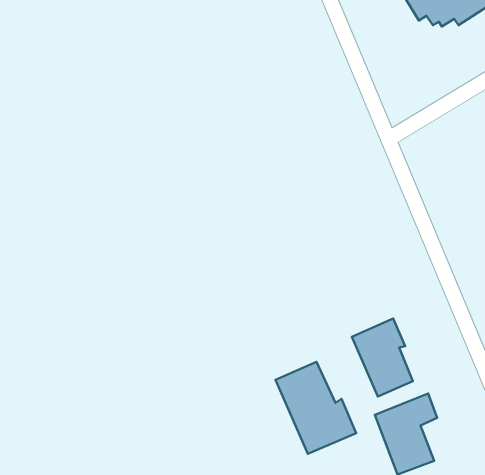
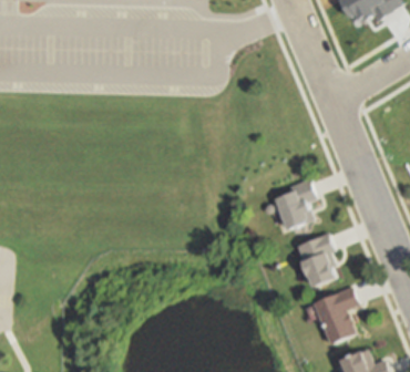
building: none -> [276,178,317,229]
building: [276,362,356,454] -> none

